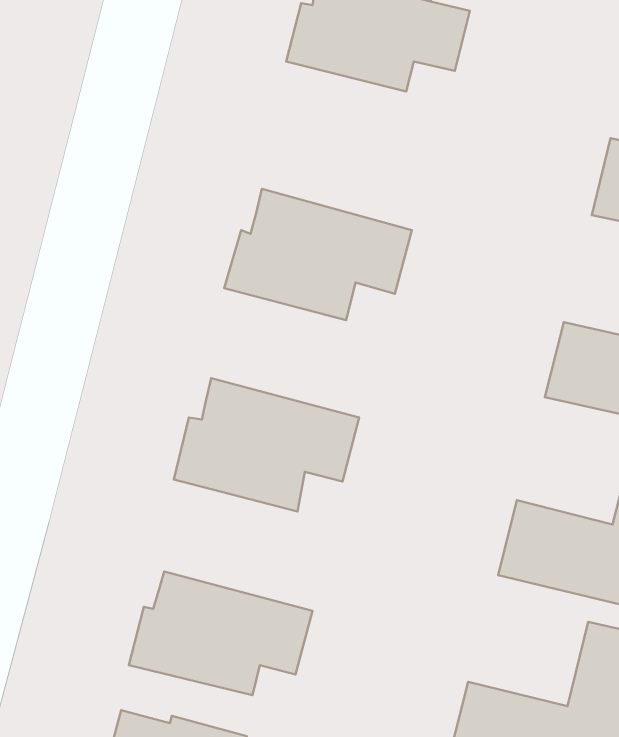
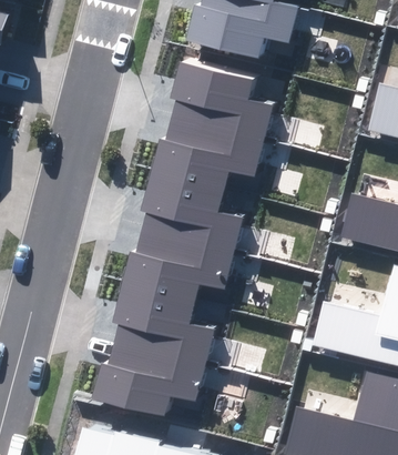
building: none -> [175,62,273,139]
building: none -> [144,173,243,250]
building: none -> [115,286,215,364]

